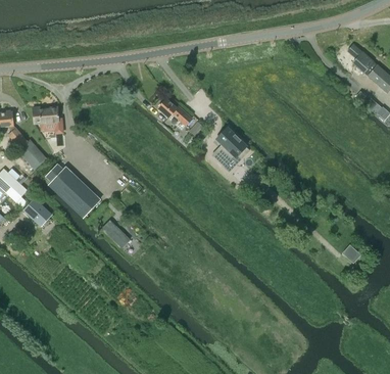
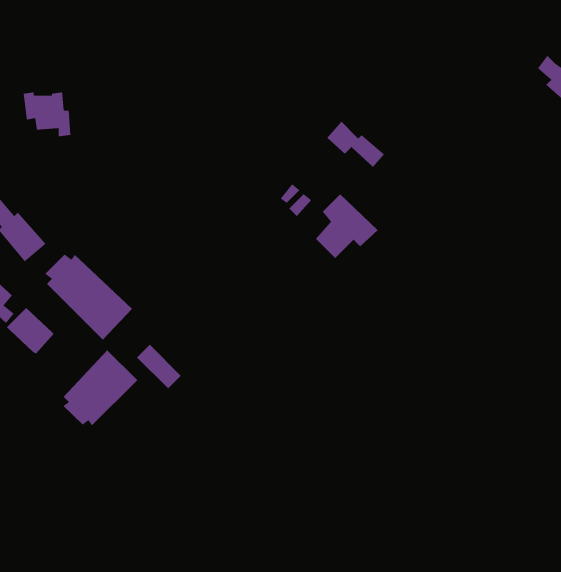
building: [157,97,193,126] -> [326,121,385,168]
building: [33,106,62,134] -> [23,92,71,137]
building: none -> [63,349,138,426]

